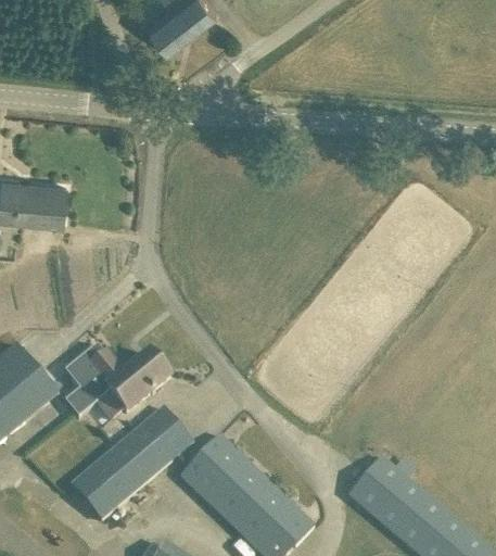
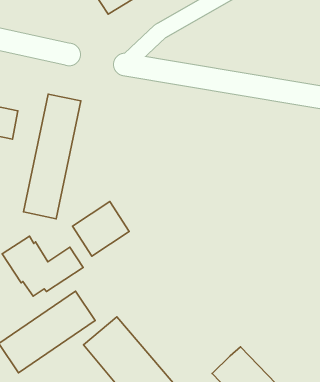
building: none -> [24,94,81,219]
building: none -> [73,202,129,256]

